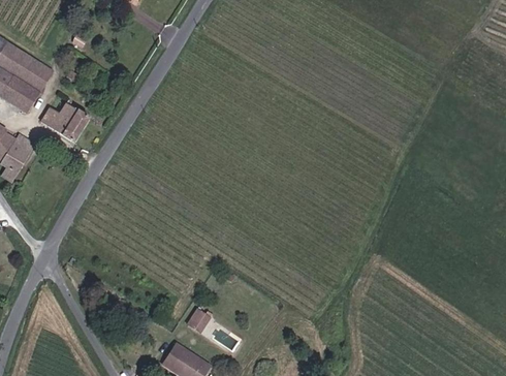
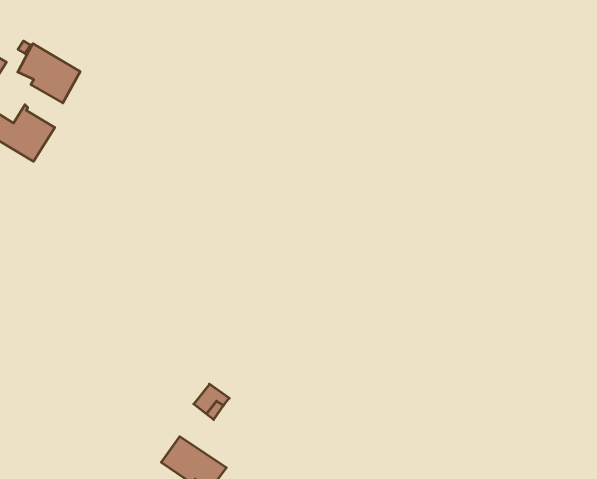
building: none -> [18,44,80,103]

